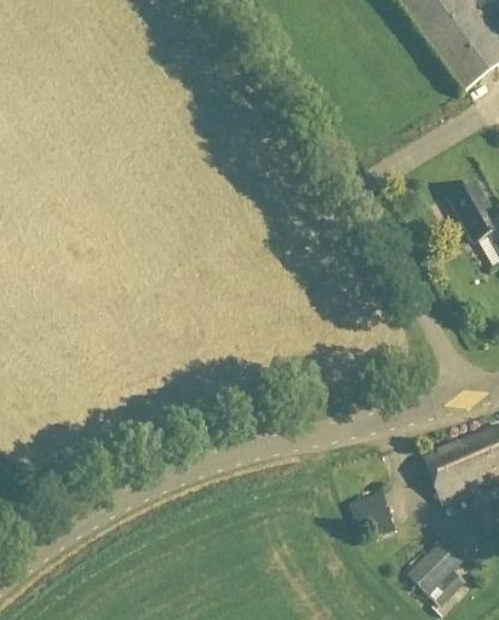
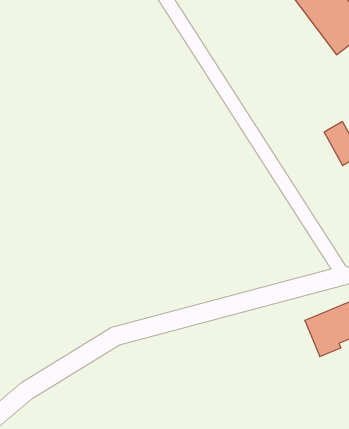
building: [350,492,392,529] -> none
building: [409,540,465,595] -> none

